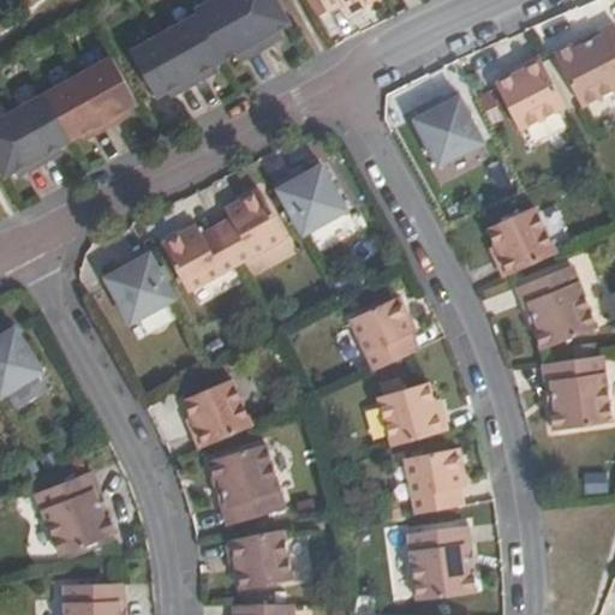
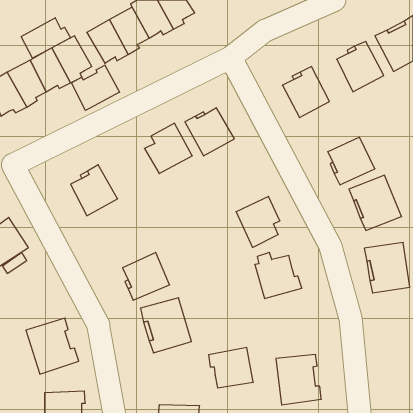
building: none -> [21,18,71,58]
building: none -> [71,65,120,110]
building: [159,221,235,287] -> none
building: [405,448,466,513] -> none
building: [228,527,294,587] -> [209,347,253,388]

